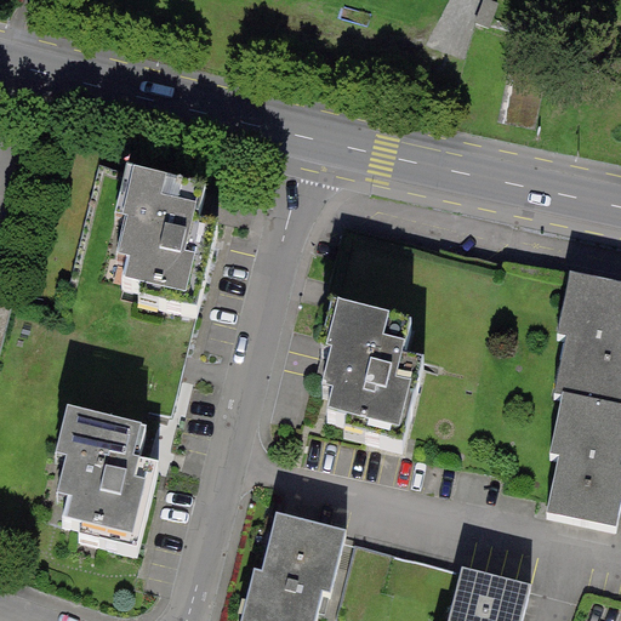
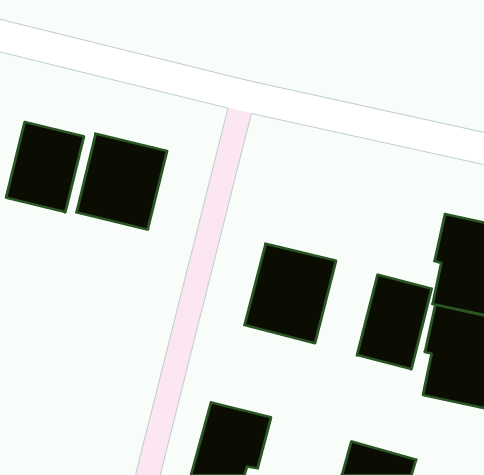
building: none -> [6,122,84,212]
building: none -> [357,275,432,369]
building: [44,414,163,545] -> none

